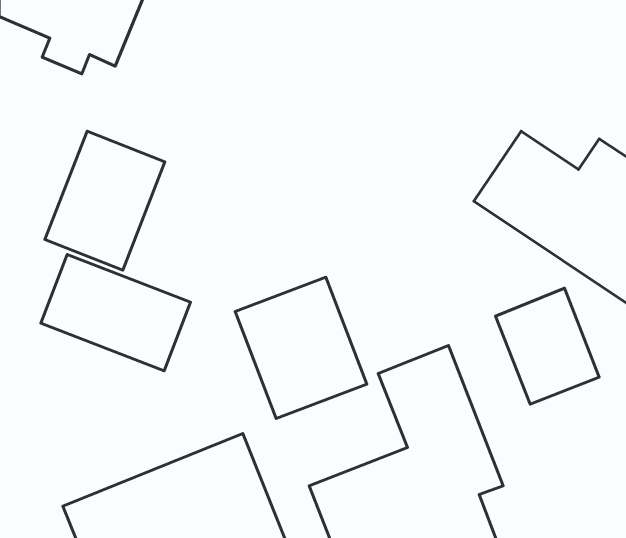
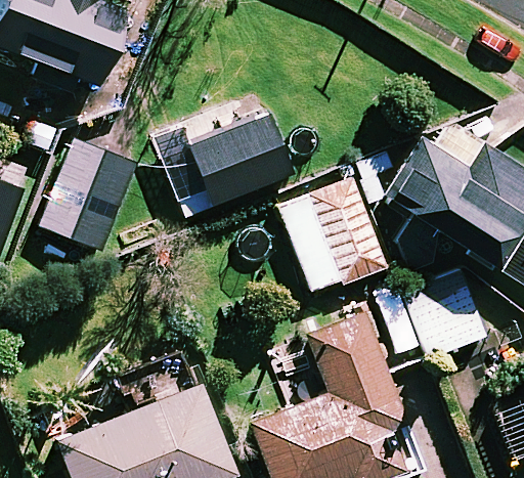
building: none -> [155,111,292,217]
building: [41,254,190,371] -> none
building: [235,277,367,419] -> [281,179,387,293]

